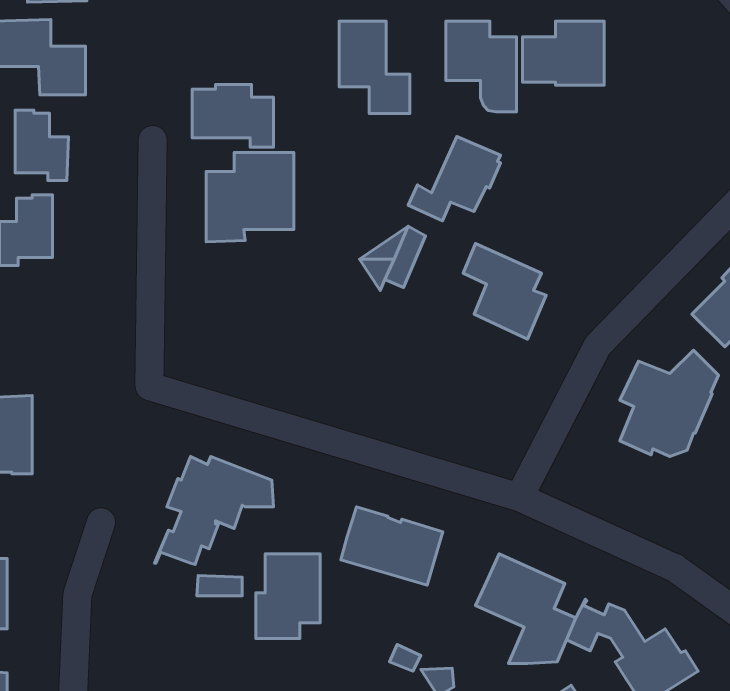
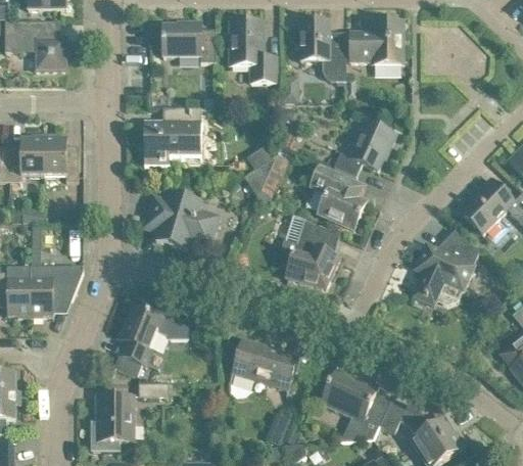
building: [192,84,274,147] -> [162,20,216,61]
building: [15,110,68,181] -> [44,134,79,180]
building: [408,136,501,221] -> [334,120,394,175]
building: none -> [144,191,219,247]
building: none -> [279,213,340,288]
building: none -> [31,265,83,316]
building: [256,554,320,638] -> [91,394,133,450]

